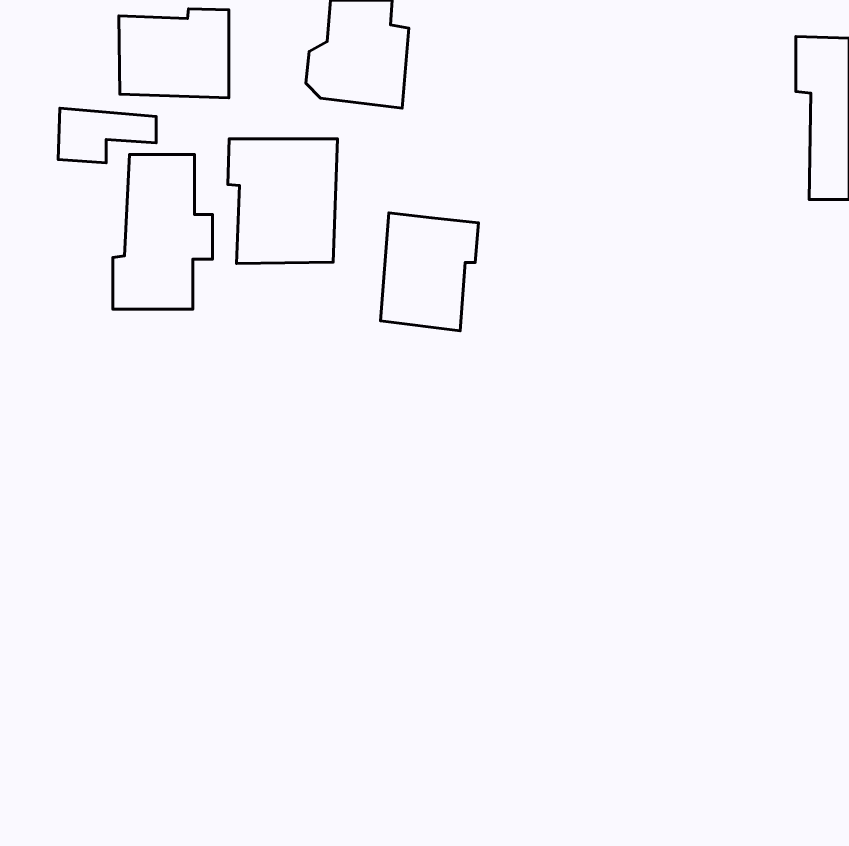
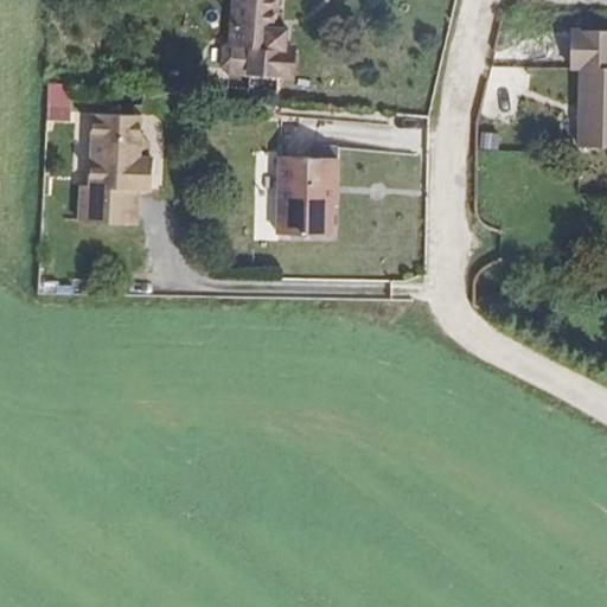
building: [119,9,229,98] -> none
building: [228,139,338,264] -> none

